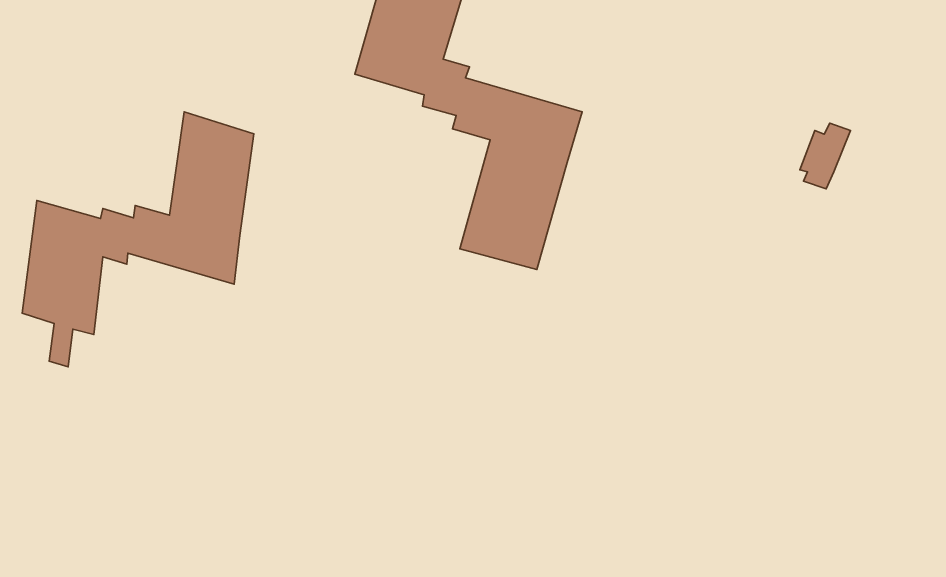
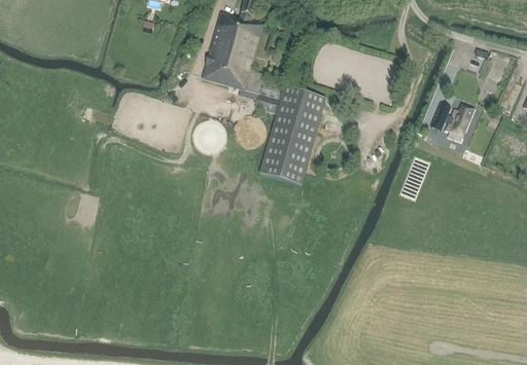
building: [22,112,254,367] -> none

